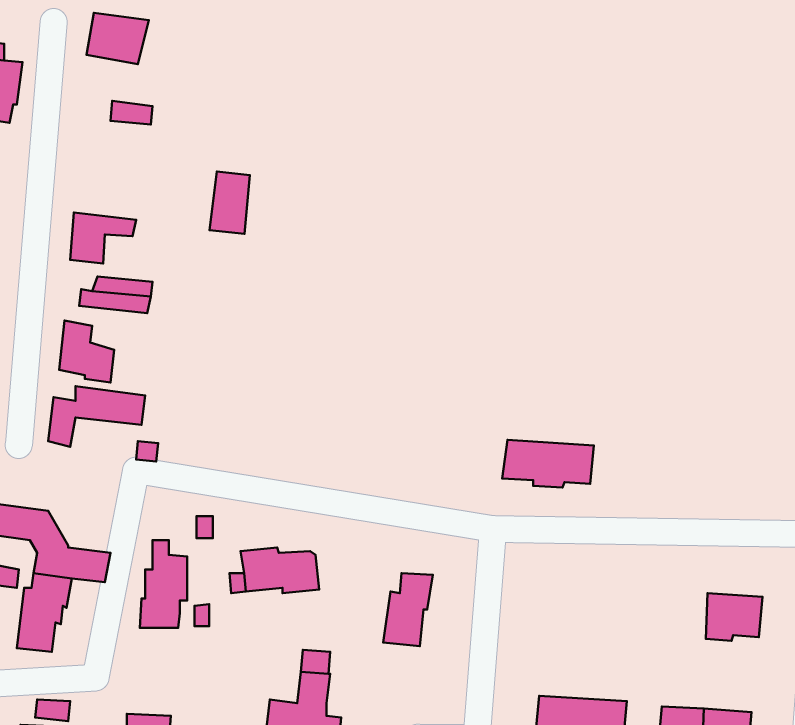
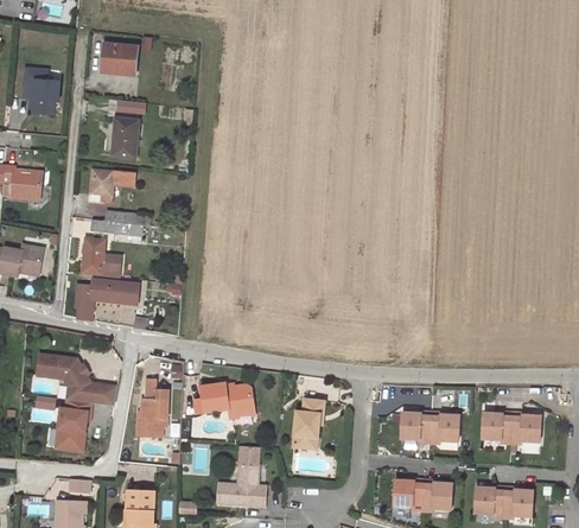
building: [210,172,250,234] -> [112,114,138,154]
building: [502,440,594,488] -> [399,413,458,444]
building: none -> [481,413,503,444]

